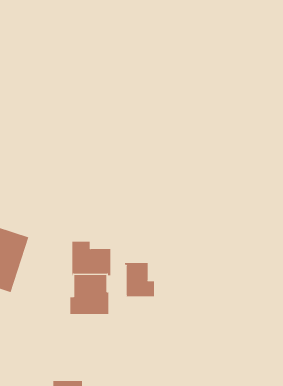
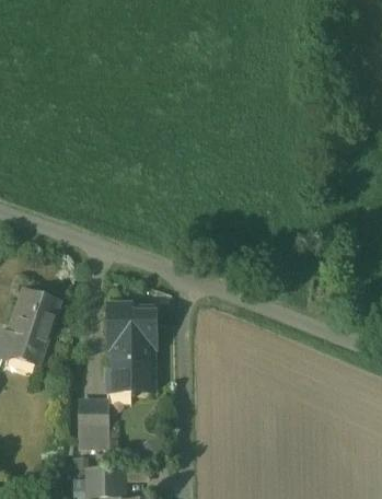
building: [125,262,155,297] -> none
building: none -> [78,402,107,445]

